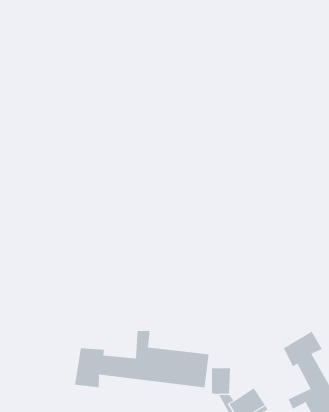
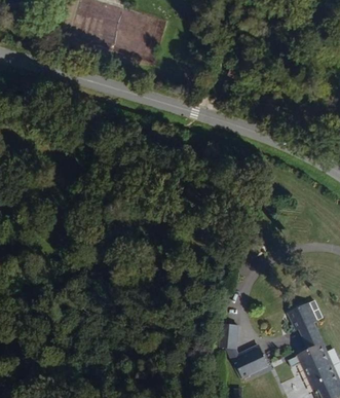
building: [75,330,209,388] -> none

